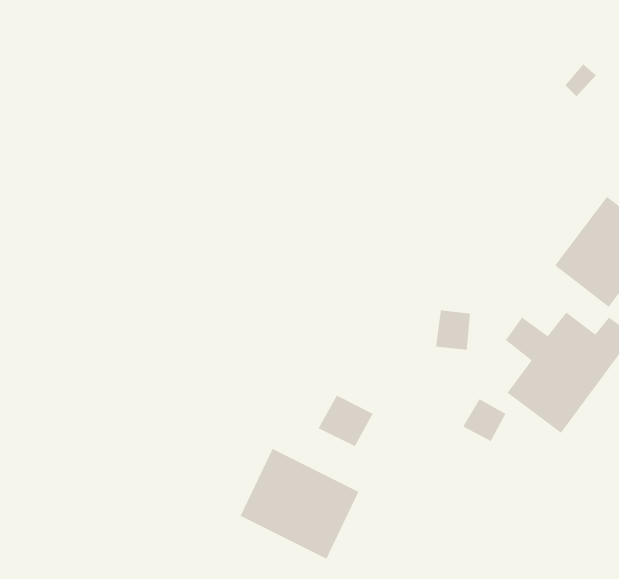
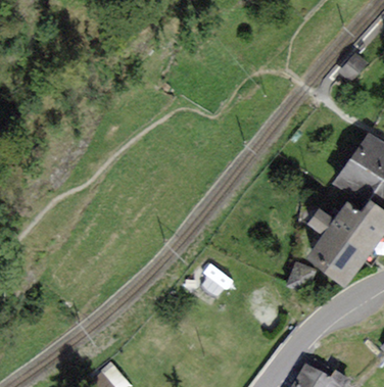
building: [240,448,360,560] -> none

